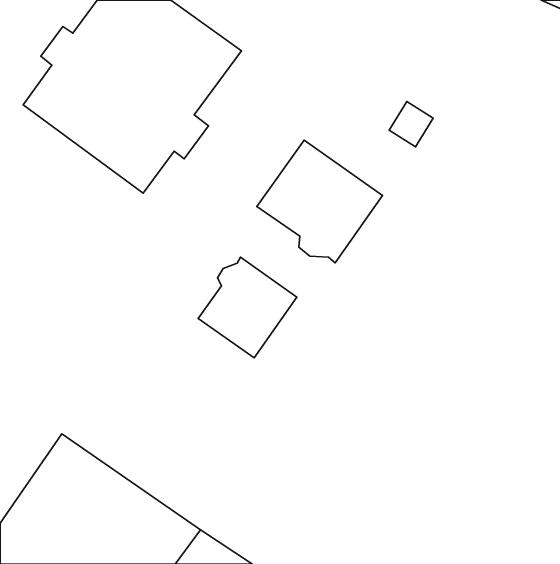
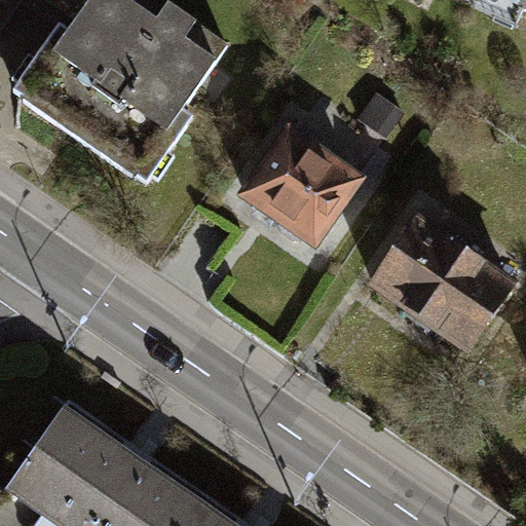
building: none -> [376,221,514,348]
building: [198,257,297,358] -> none

